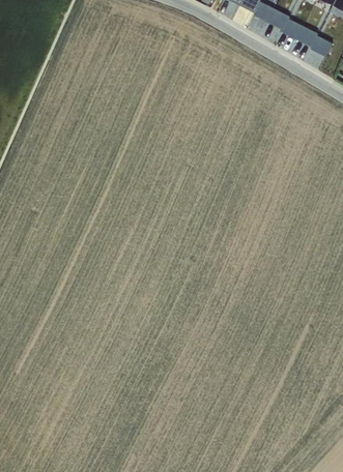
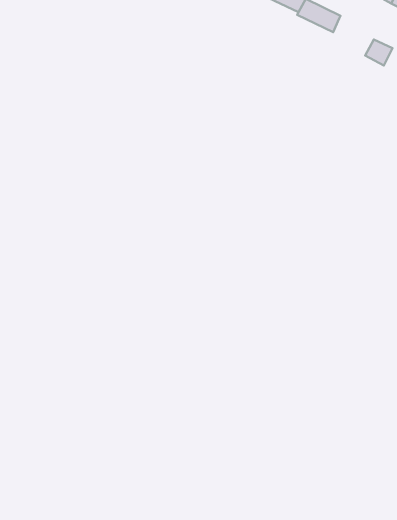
building: [279,17,315,46] -> none

